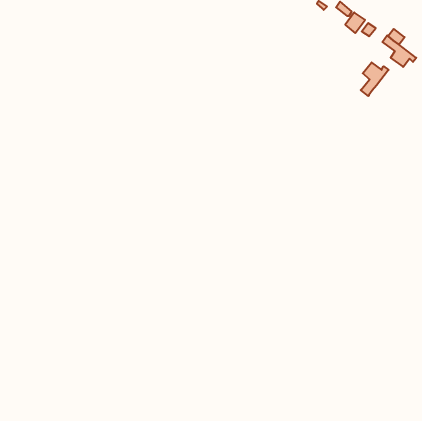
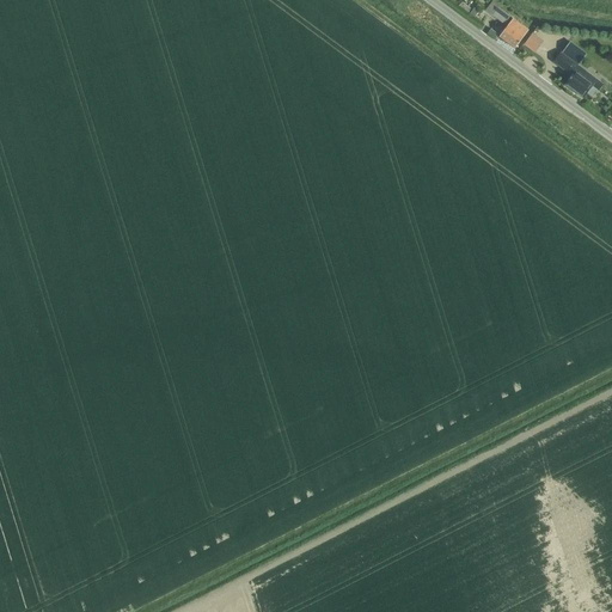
building: [361,62,389,96] -> none

